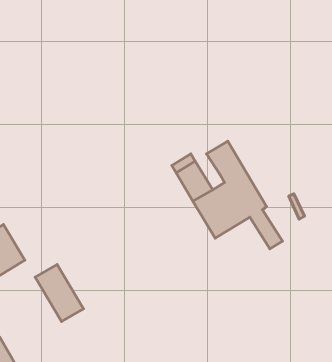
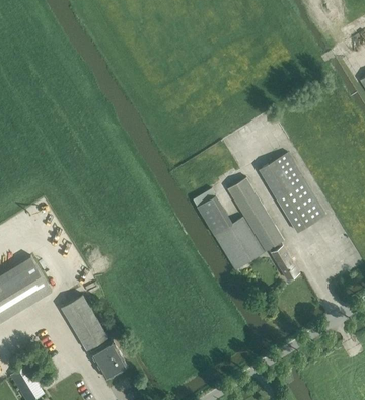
building: none -> [259,153,324,233]
building: none -> [90,341,127,380]

